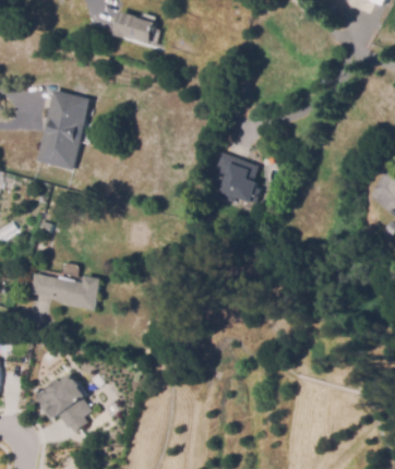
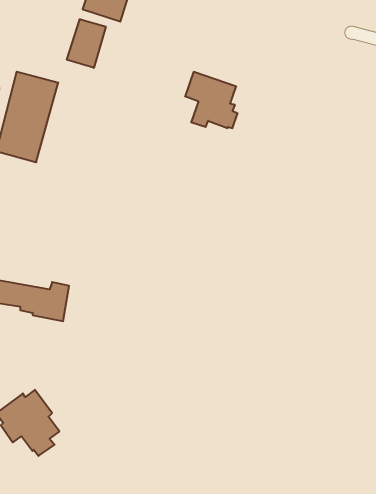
building: none -> [67,19,106,68]
building: [213,154,260,204] -> [185,72,238,128]

